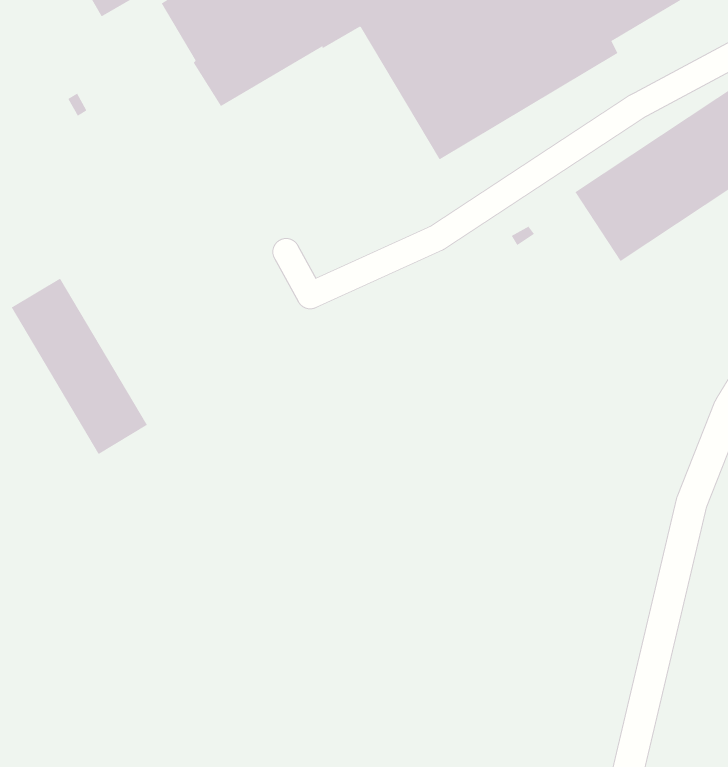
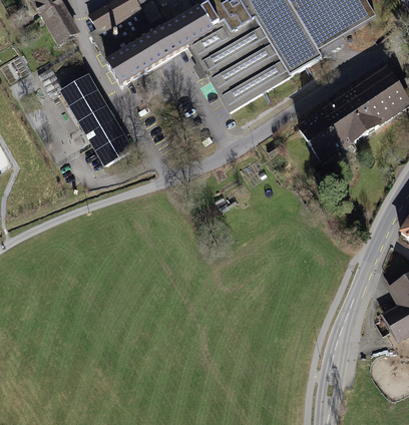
building: [11,278,148,455] -> [61,75,130,164]

